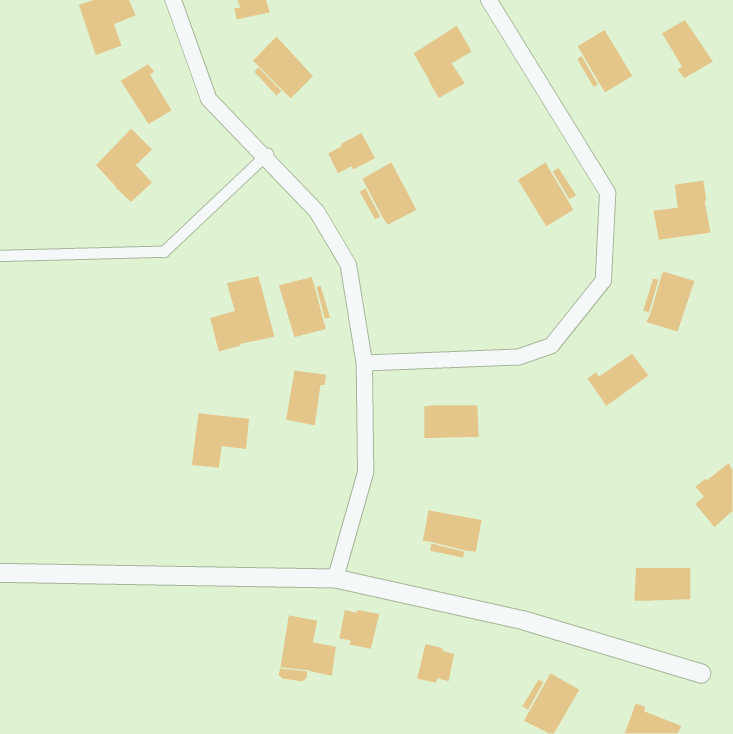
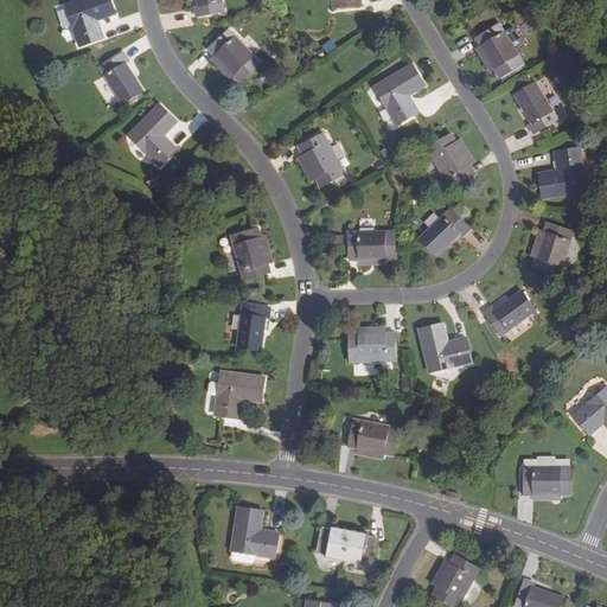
building: [661,19,714,79] -> [513,83,557,133]
building: [413,24,473,99] -> [373,63,423,124]
building: [95,128,153,203] -> [128,104,175,166]
building: [327,132,376,175] -> none
building: none -> [418,209,468,256]
building: [209,276,276,352] -> none
building: none -> [347,231,395,260]
building: none -> [417,324,472,371]
building: [191,412,250,469] -> [215,371,263,417]
building: [338,609,380,649] -> [315,526,350,560]

